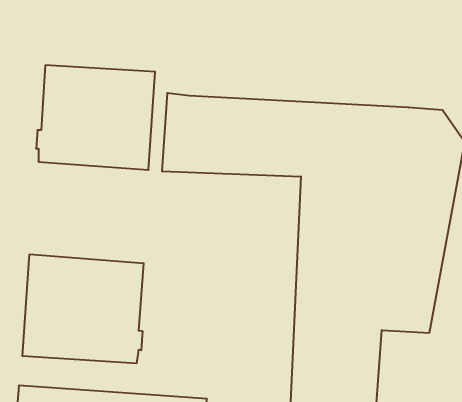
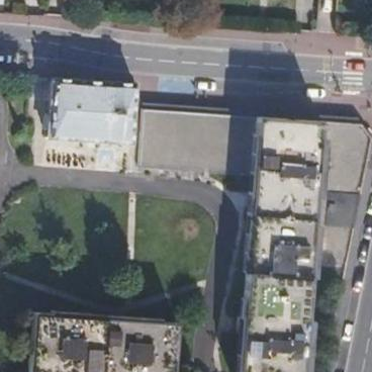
building: [22,254,144,363] -> none

